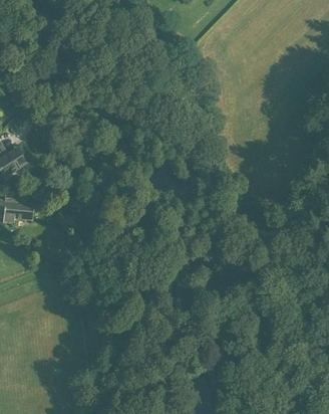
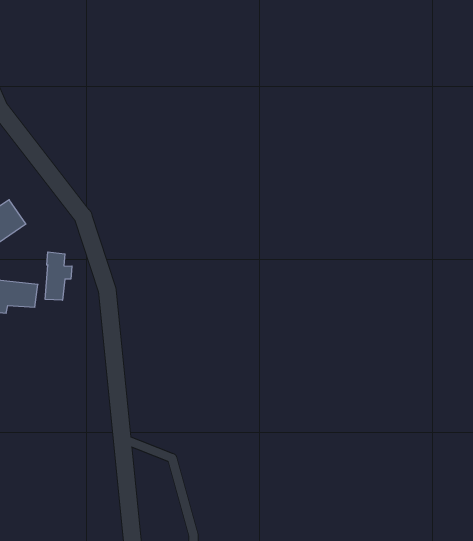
building: none -> [45,252,72,300]

